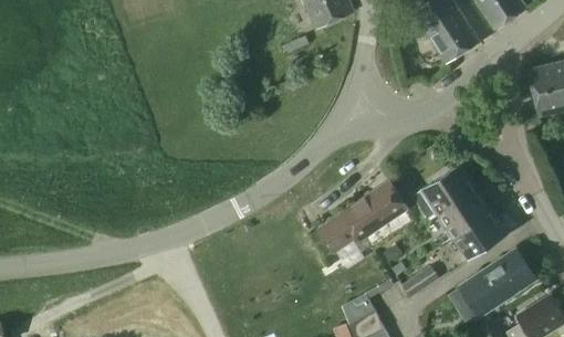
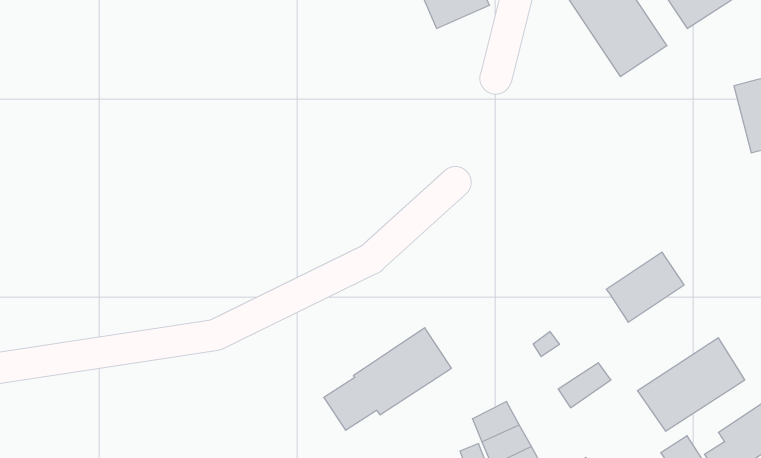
building: [412,164,477,221] -> none
building: [317,180,408,253] -> [324,328,451,430]
building: [452,211,506,260] -> none

